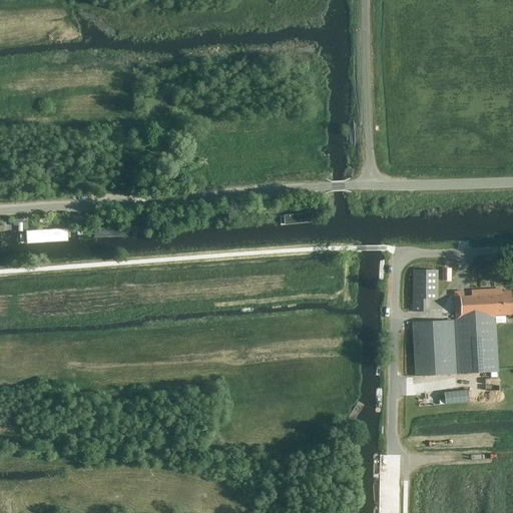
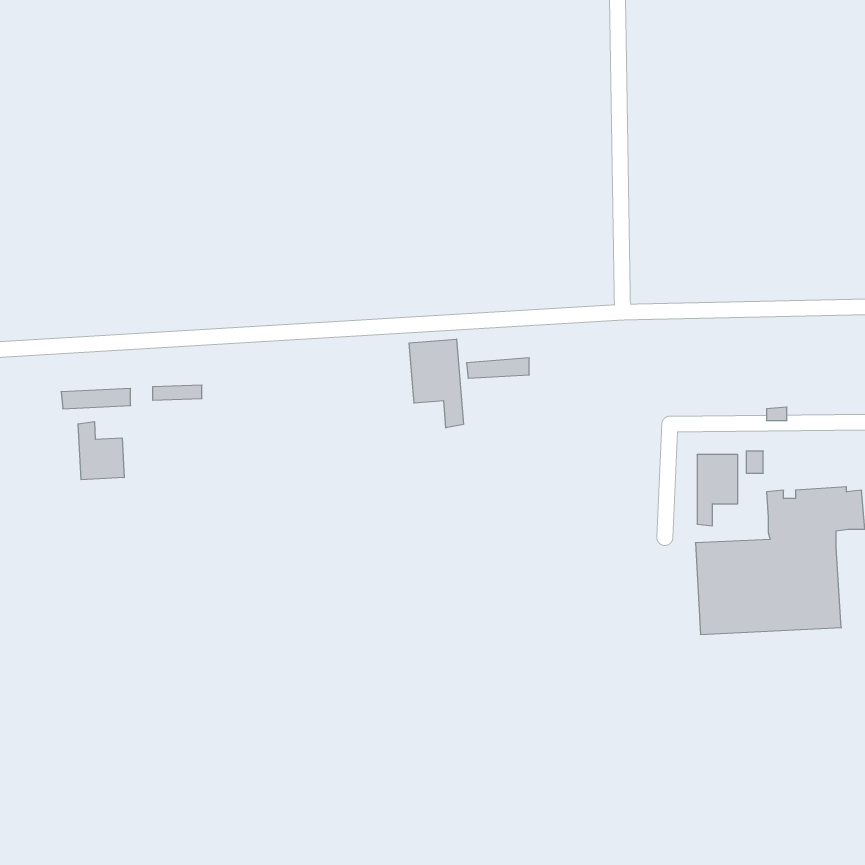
building: none -> [409,339,463,428]
building: none -> [78,422,124,480]

